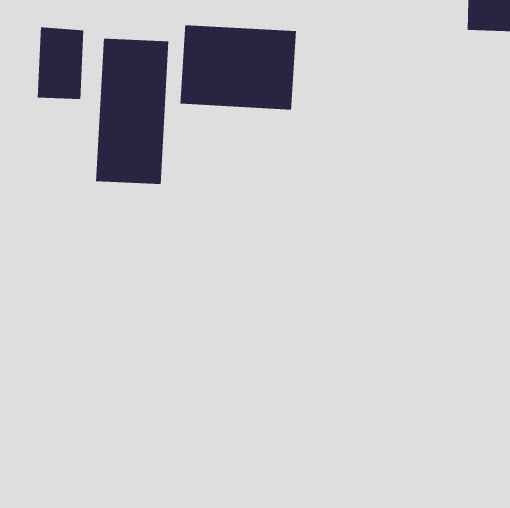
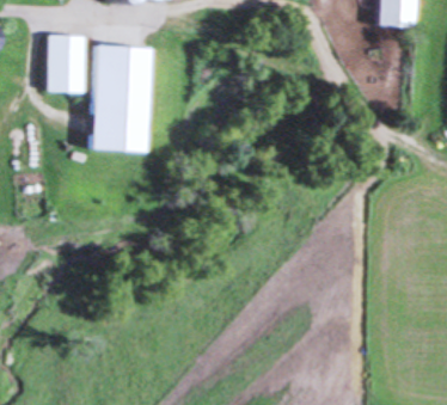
building: [180,24,296,110] -> none

